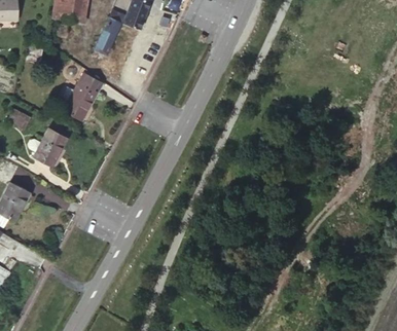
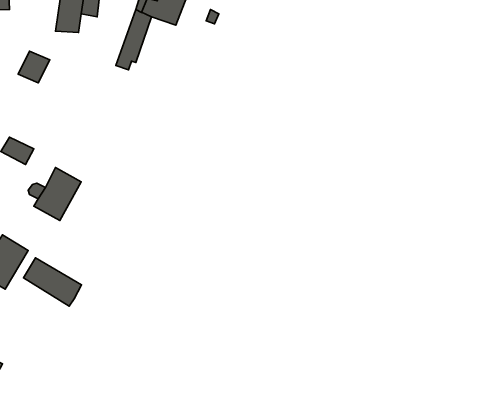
building: [67,76,105,121] -> none
building: none -> [23,258,82,306]

